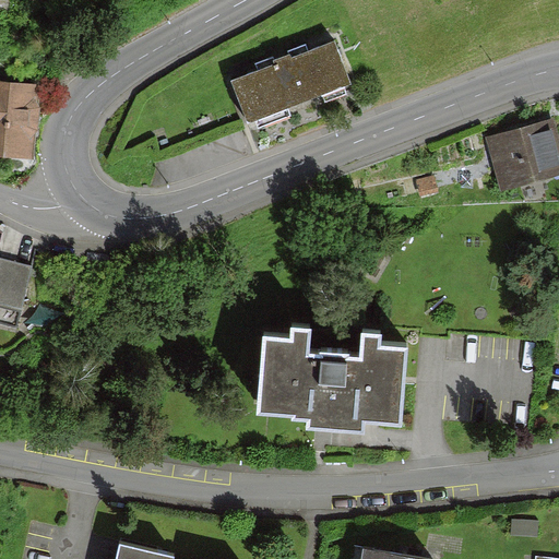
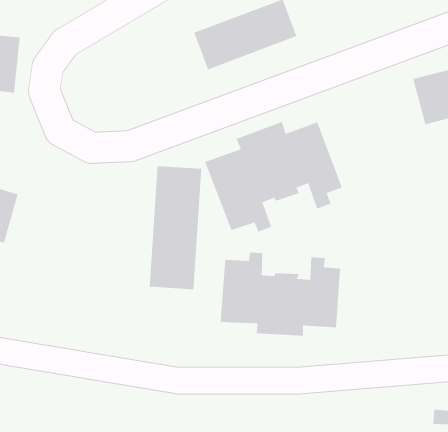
building: none -> [204,121,342,232]
building: none -> [149,165,202,290]

